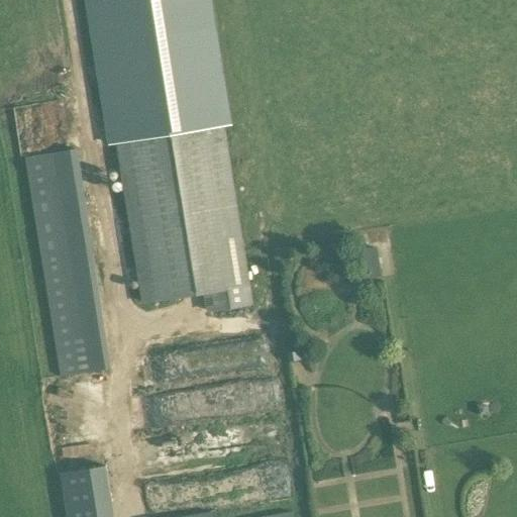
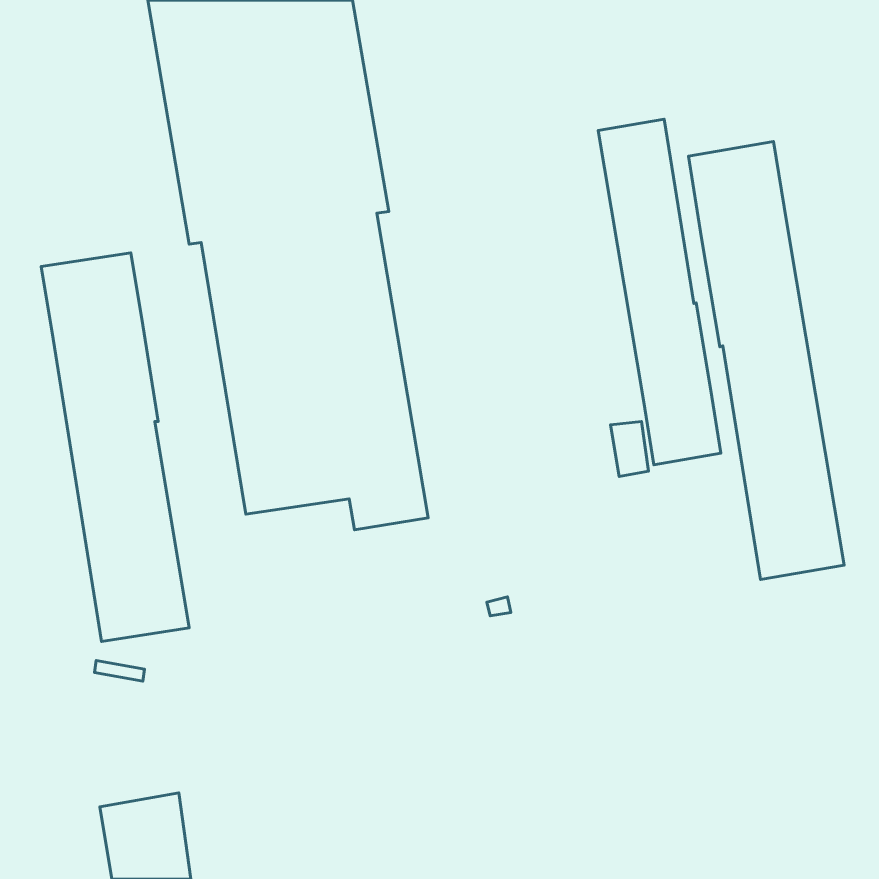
building: none -> [598,119,721,465]
building: none -> [688,141,844,579]

